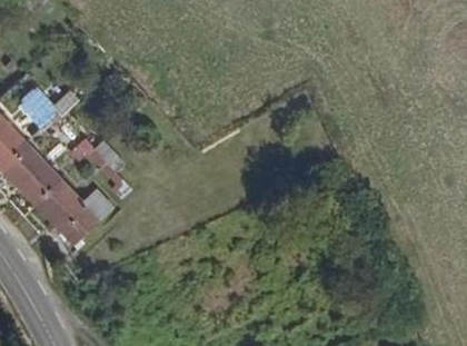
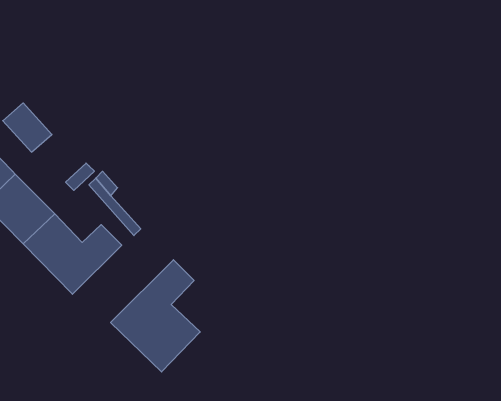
building: none -> [111,260,200,372]

